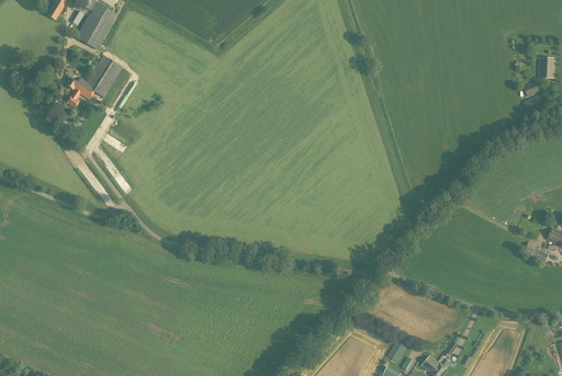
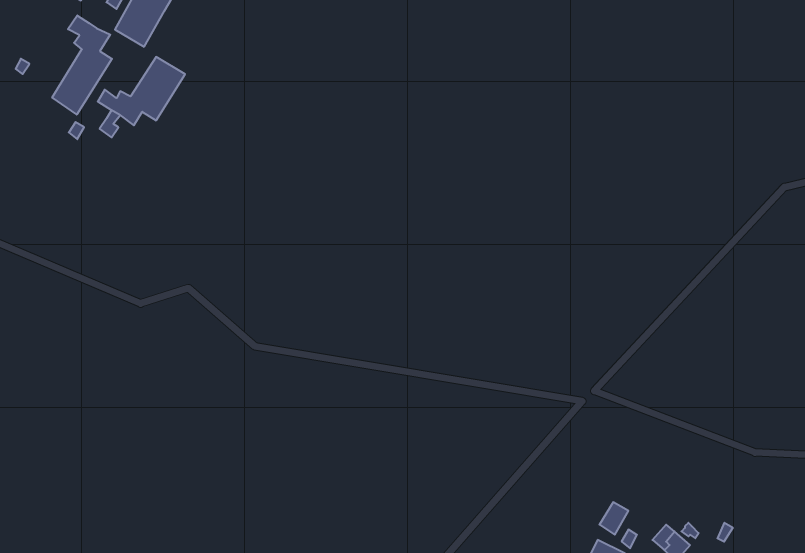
building: none -> [52,15,112,115]

